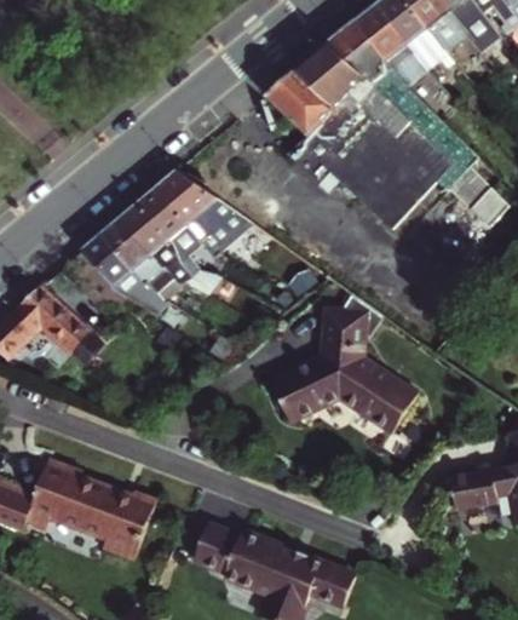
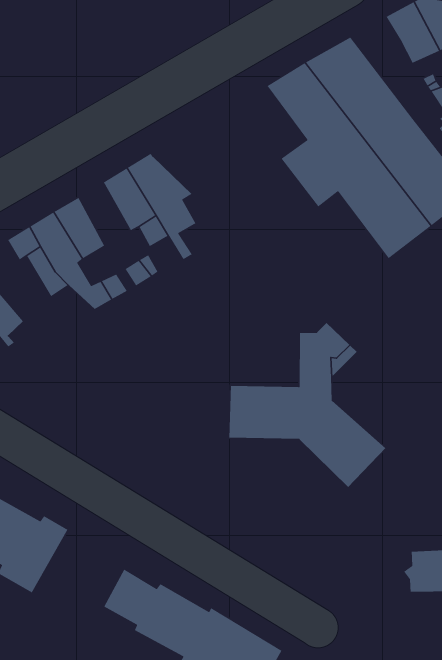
building: [328,22,404,104] -> none
building: [121,201,169,254] -> none

